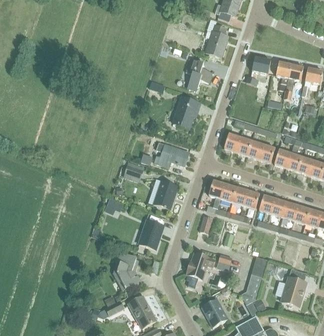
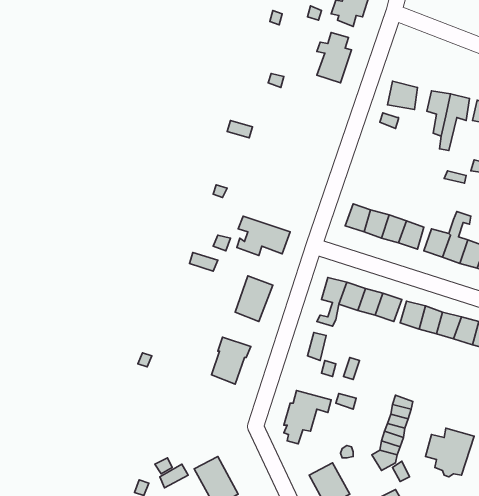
building: [187,57,212,88] -> none
building: [173,96,201,127] -> none
building: [117,252,141,287] -> none

